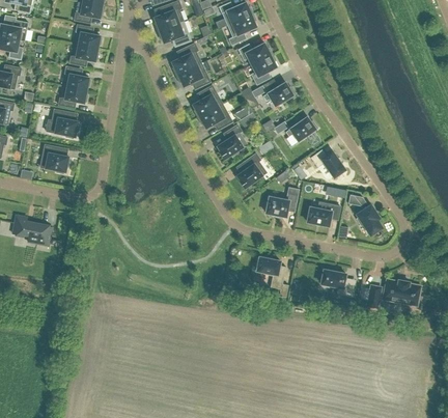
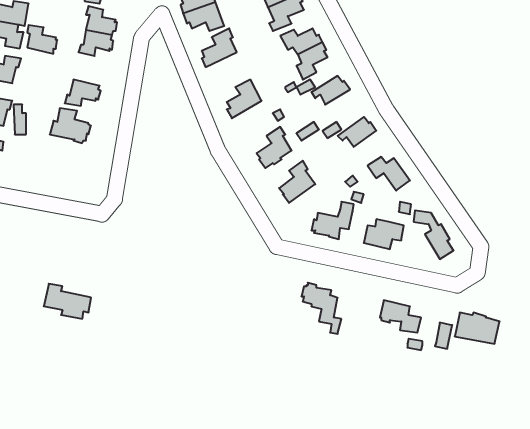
building: [174,62,209,87] -> none
building: [64,66,89,90] -> [27,25,57,54]
building: [196,103,231,128] -> none
building: [39,144,69,173] -> none
building: [11,215,51,244] -> [44,284,91,319]

